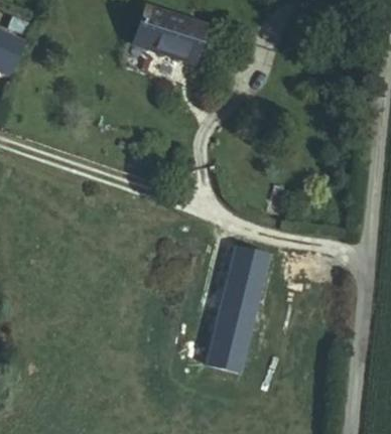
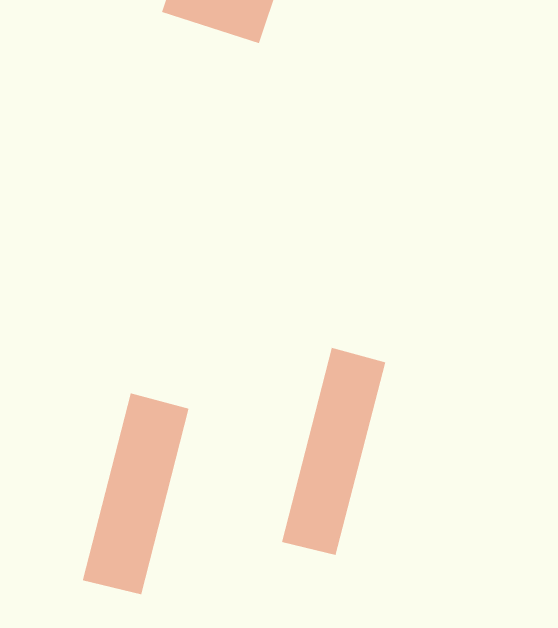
building: none -> [82,392,189,595]

